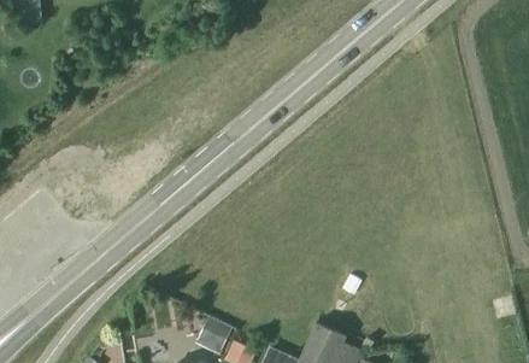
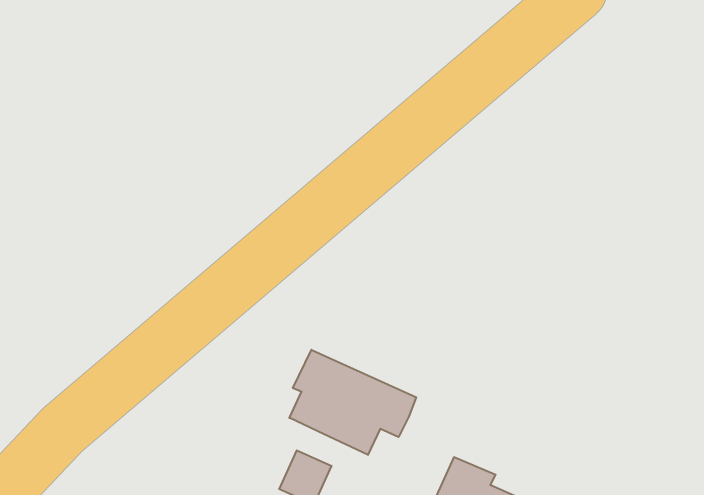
building: none -> [289,350,416,455]

